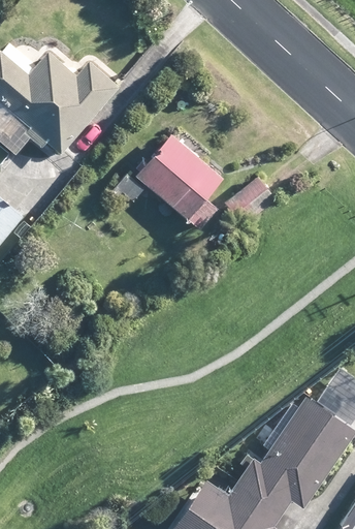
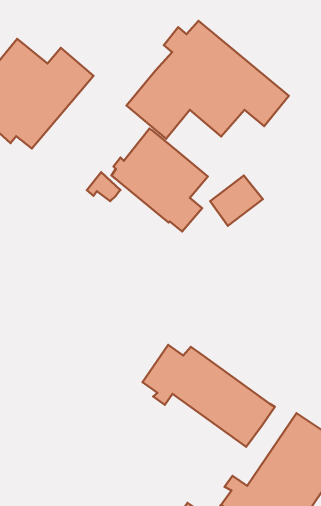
building: none -> [127,21,289,139]
building: none -> [142,345,275,447]

